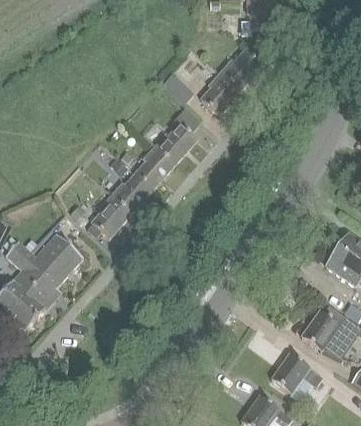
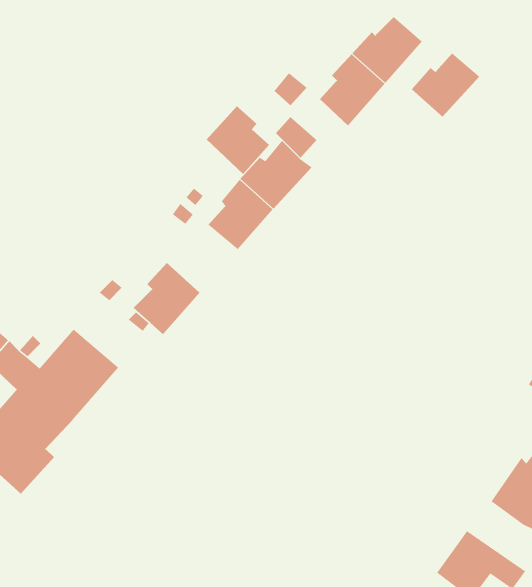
building: none -> [411,53,480,118]
building: none -> [206,106,270,175]
building: [111,172,153,212] -> none

